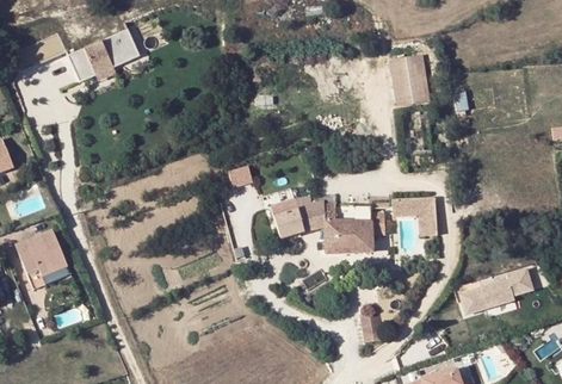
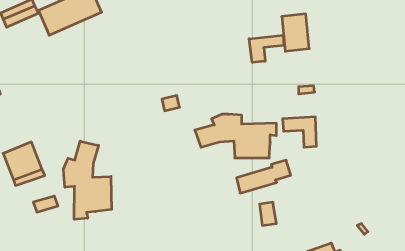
building: none -> [249,35,284,62]
building: none -> [64,141,112,219]
building: [458,270,531,314] -> [237,160,291,193]

